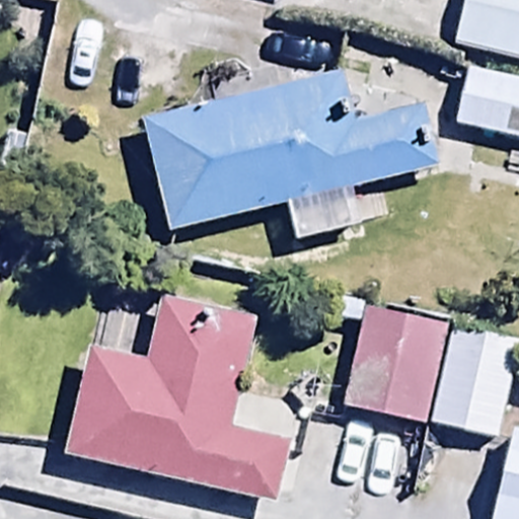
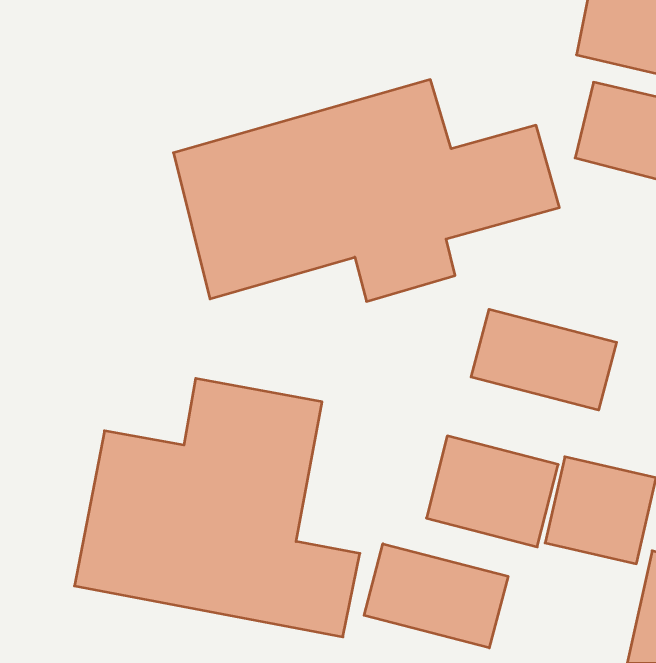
building: none -> [471,309,617,410]
building: none -> [364,544,508,648]

